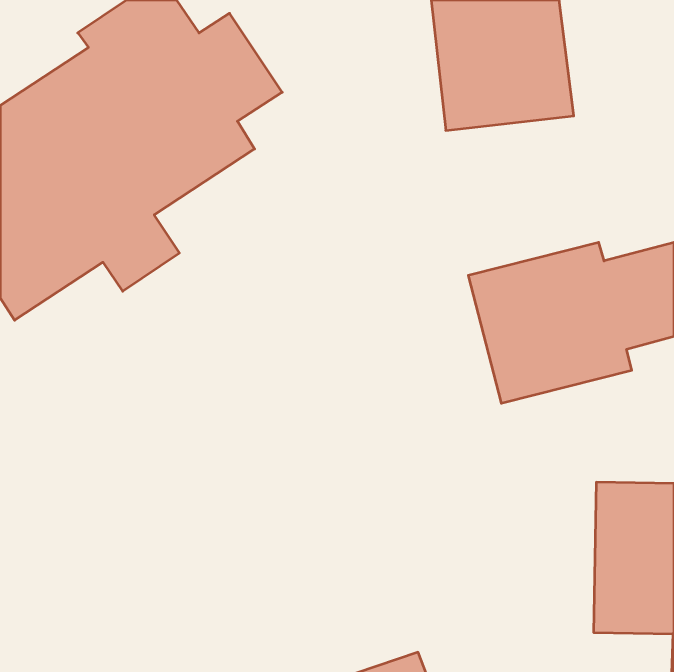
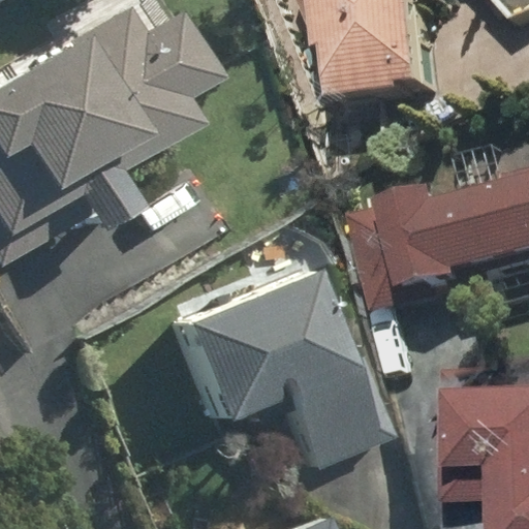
building: none -> [173,275,378,471]

